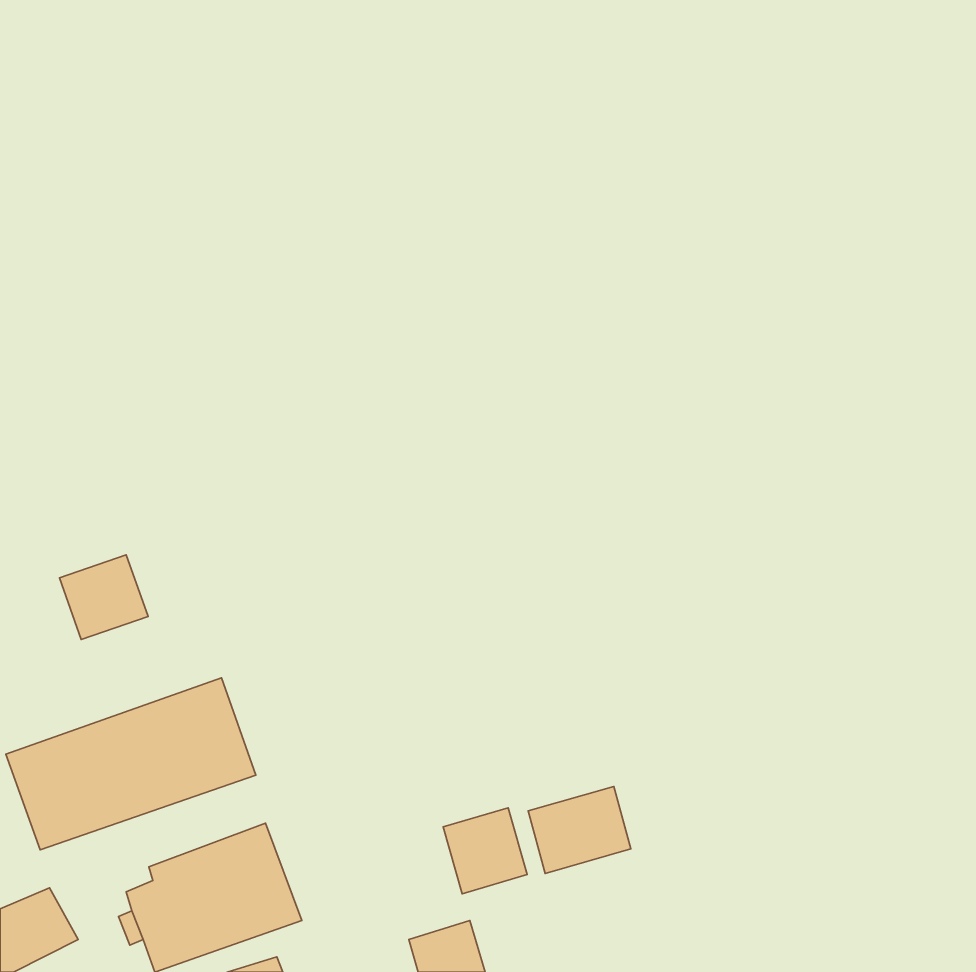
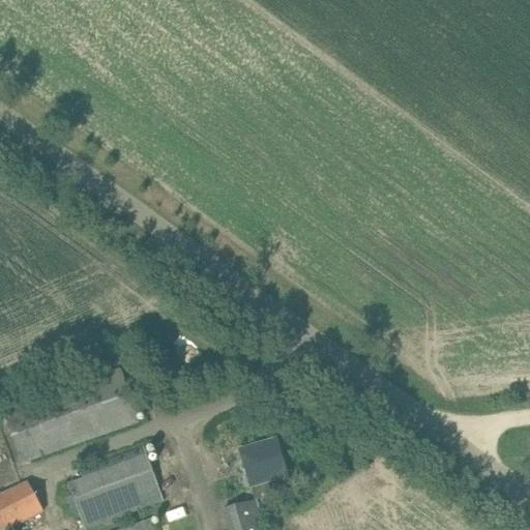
building: [60,555,148,639] -> none
building: [528,786,631,873] -> none

